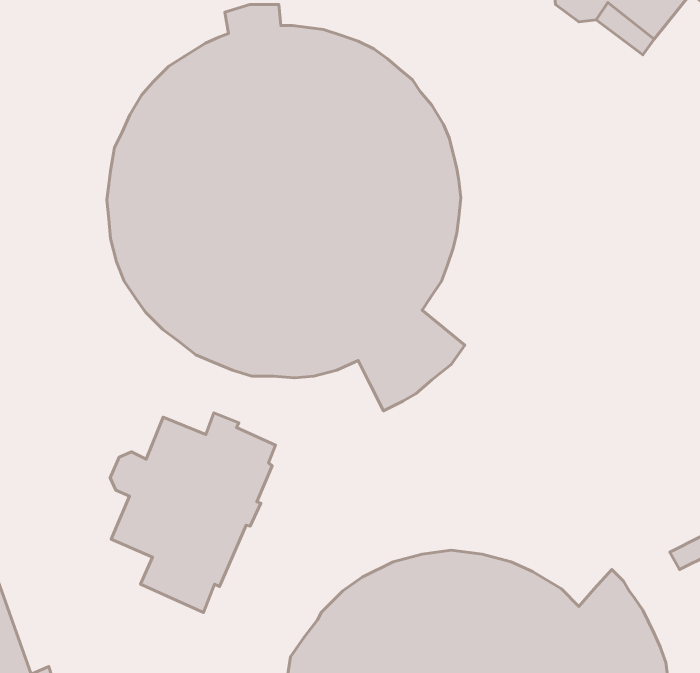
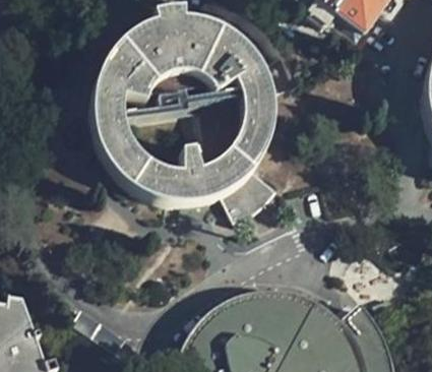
building: [110,413,276,613] -> none

